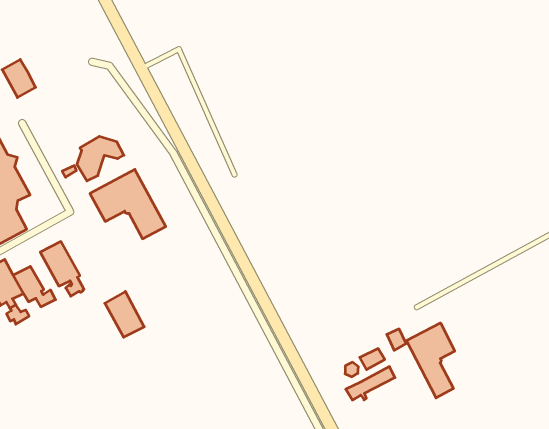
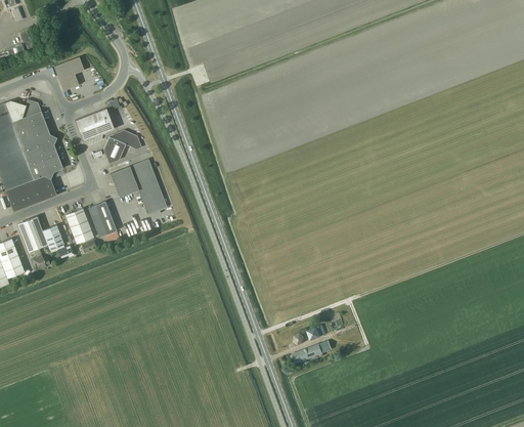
building: none -> [75,109,114,140]
building: [105,291,144,337] -> [88,201,117,237]
building: [407,323,455,398] -> none

